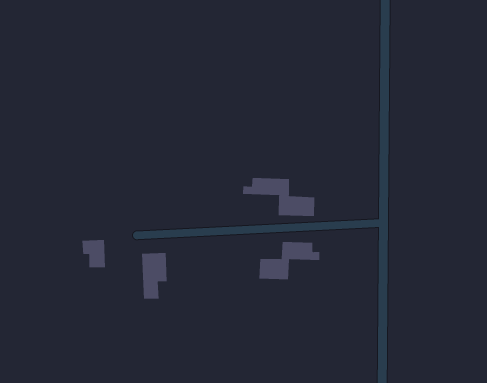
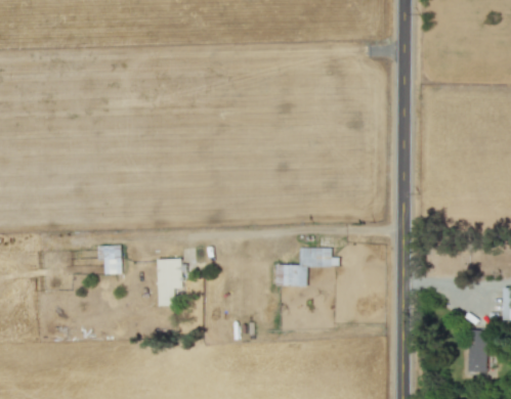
building: [242,177,315,217] -> none
building: none -> [468,330,487,372]

